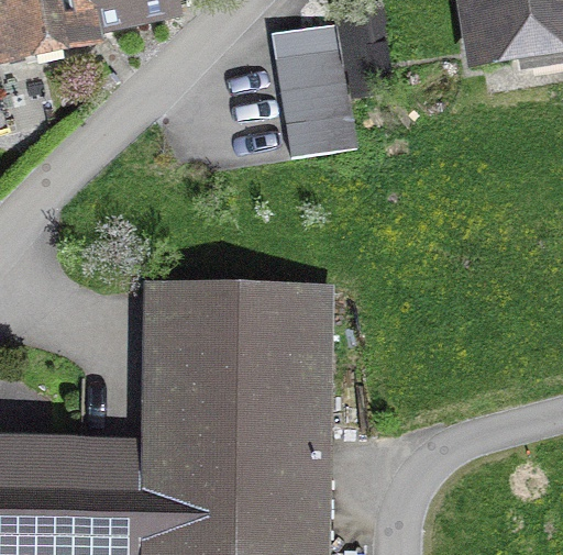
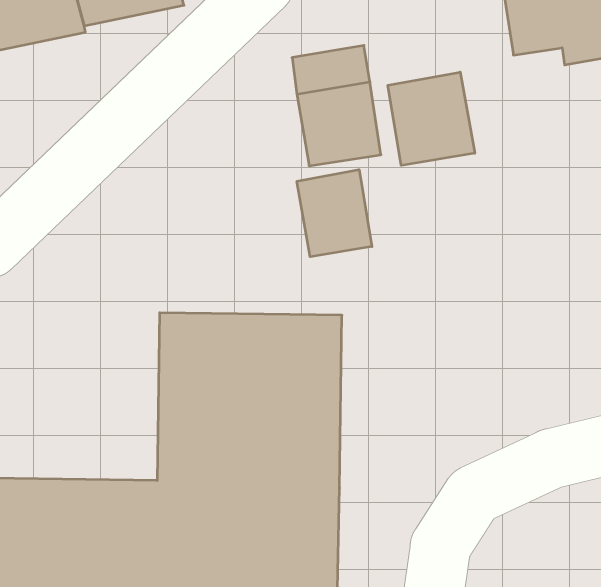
building: none -> [388,72,475,165]
building: none -> [297,170,372,257]

